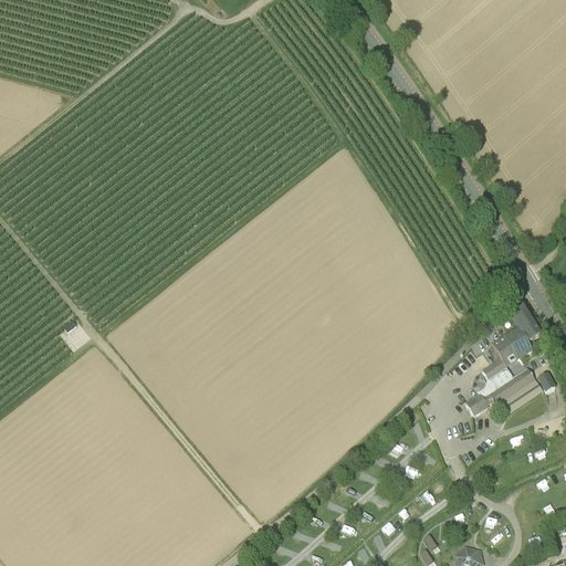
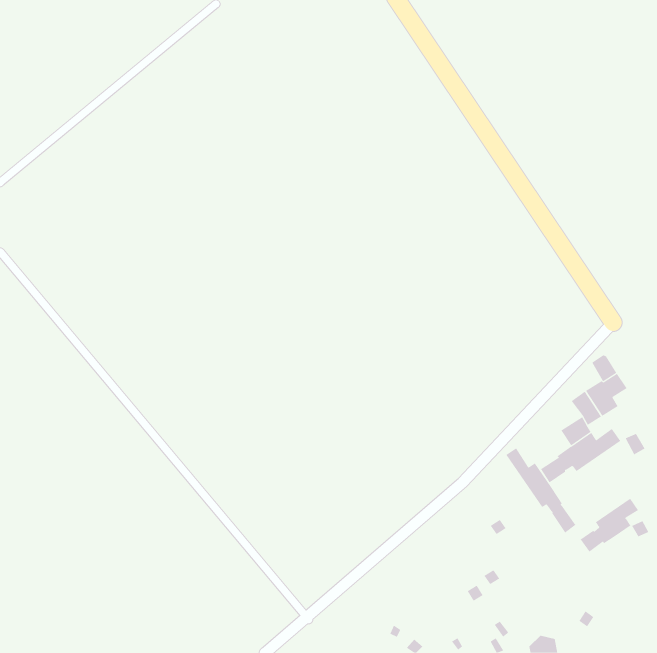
building: none -> [506,448,576,533]
building: none -> [580,498,639,552]

